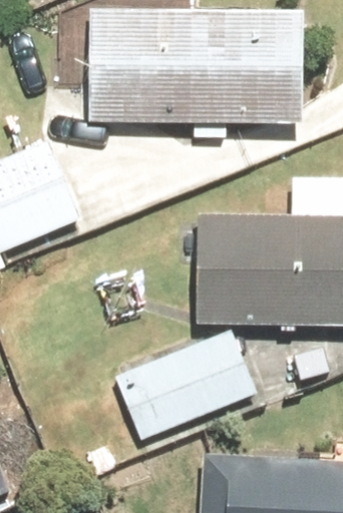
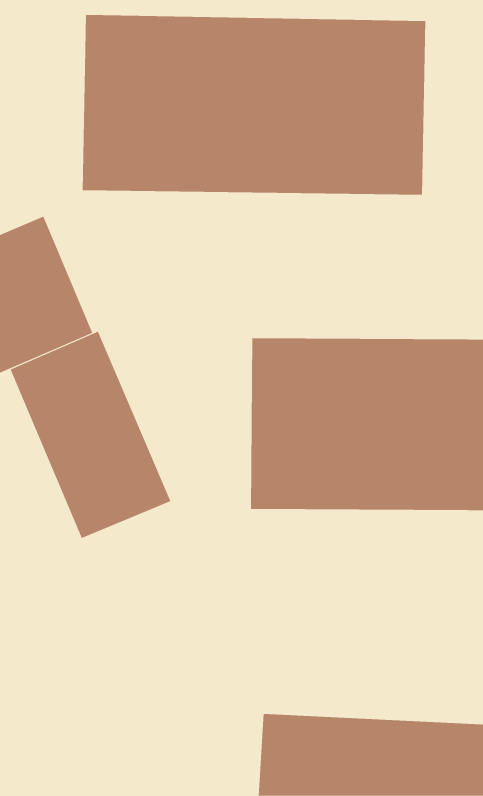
building: none -> [10,331,171,539]
building: [121,324,266,440] -> none

